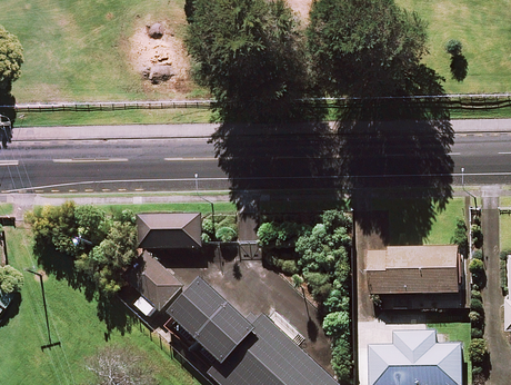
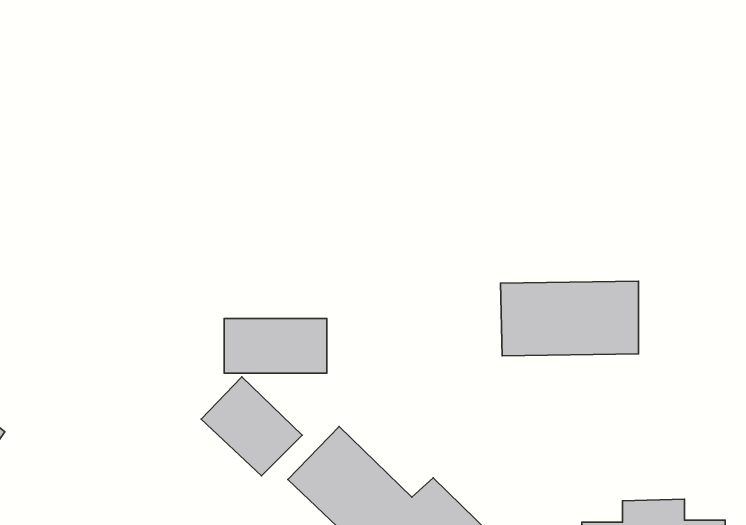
building: [369,247,455,294] -> [501,281,639,356]

